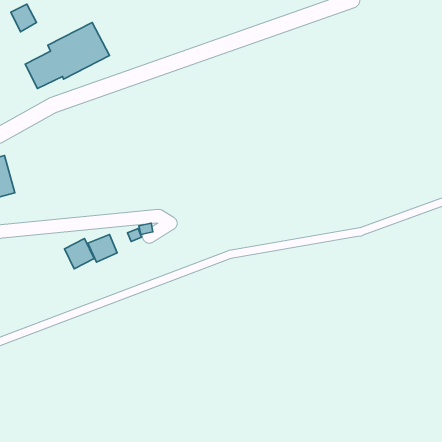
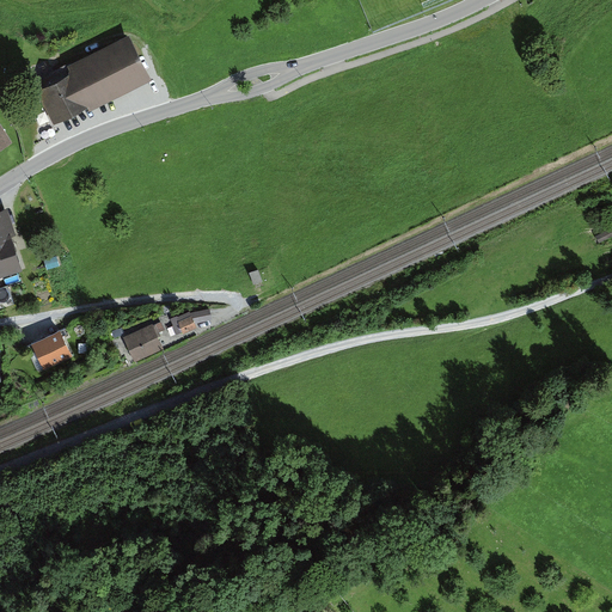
building: [11,4,37,32] -> none
building: [65,239,94,269] -> [30,329,71,371]

